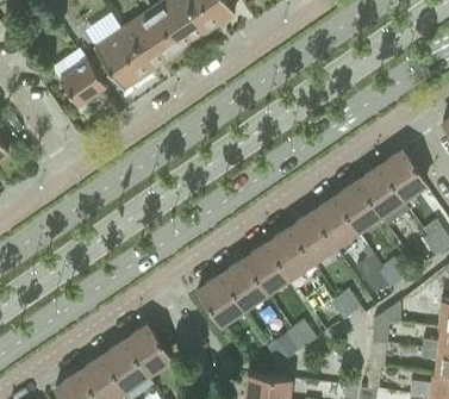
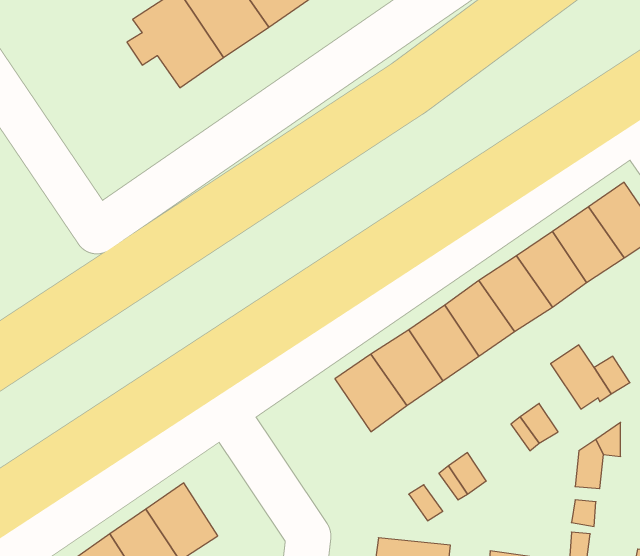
building: [58,62,105,107] -> none
building: [197,275,243,325] -> none
building: [125,325,170,374] -> none

